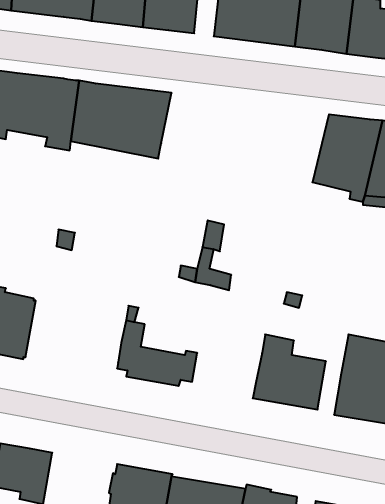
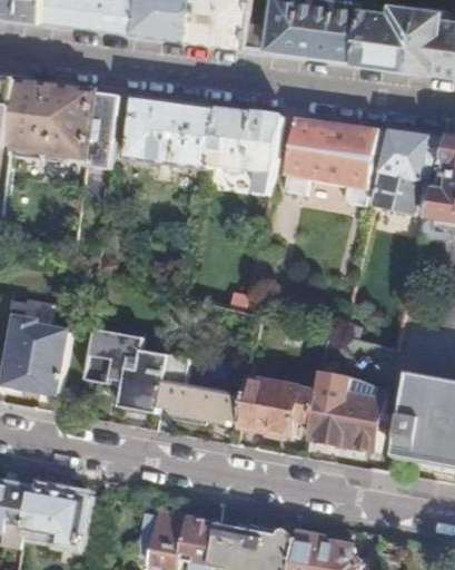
building: none -> [204,107,278,196]
building: none -> [279,117,374,206]
building: none -> [82,330,165,413]
building: none -> [236,376,313,435]

